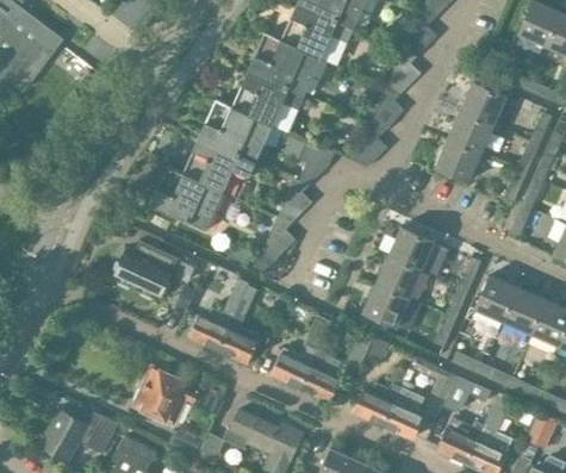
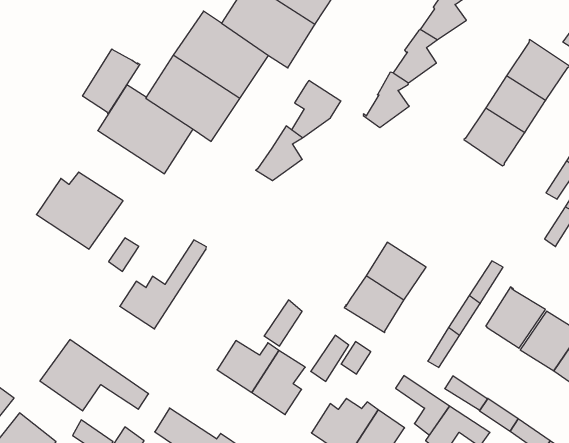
building: none -> [83,49,140,114]
building: [263,216,296,259] -> none
building: [388,225,435,269] -> none
building: [219,284,261,365] -> none

